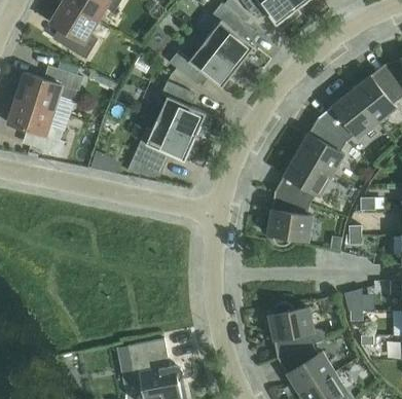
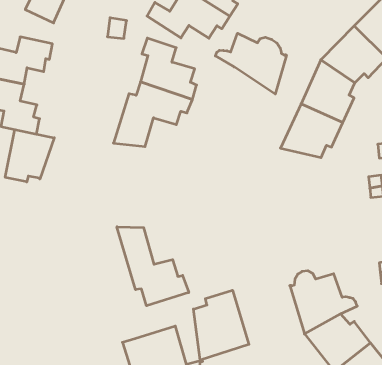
building: none -> [215,33,286,94]
building: none -> [5,130,54,182]
building: [267,191,313,246] -> none
building: none -> [117,227,189,306]
building: none -> [193,290,249,360]

